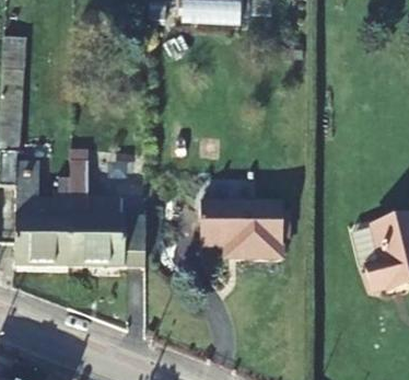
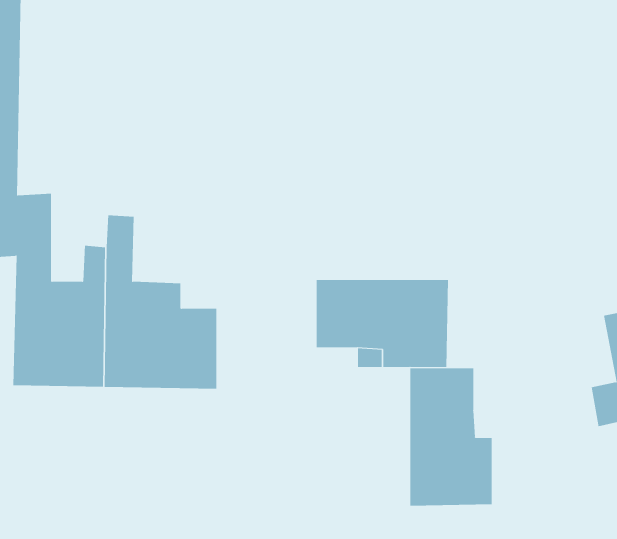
building: none -> [410,367,492,507]

